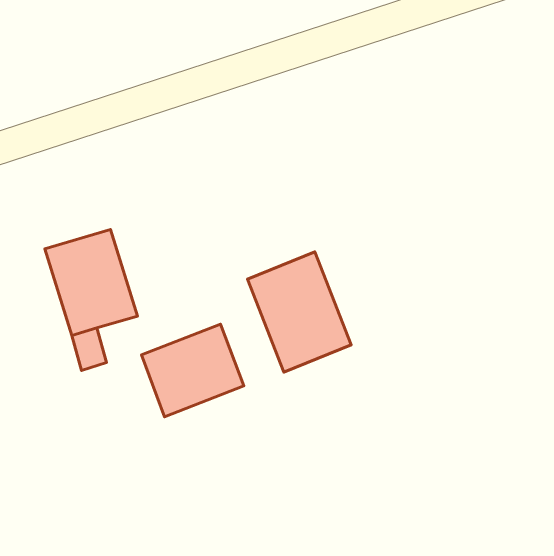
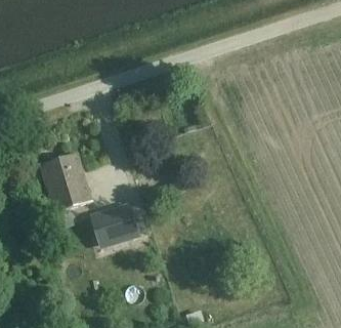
building: [247,252,351,372] -> none

